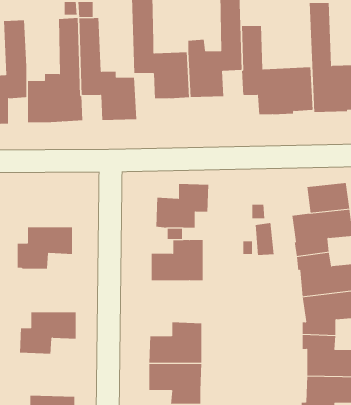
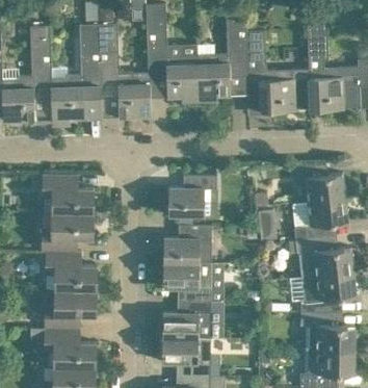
building: none -> [42,176,94,215]
building: none -> [45,254,97,292]
building: none -> [162,264,211,303]
building: none -> [32,330,95,369]

